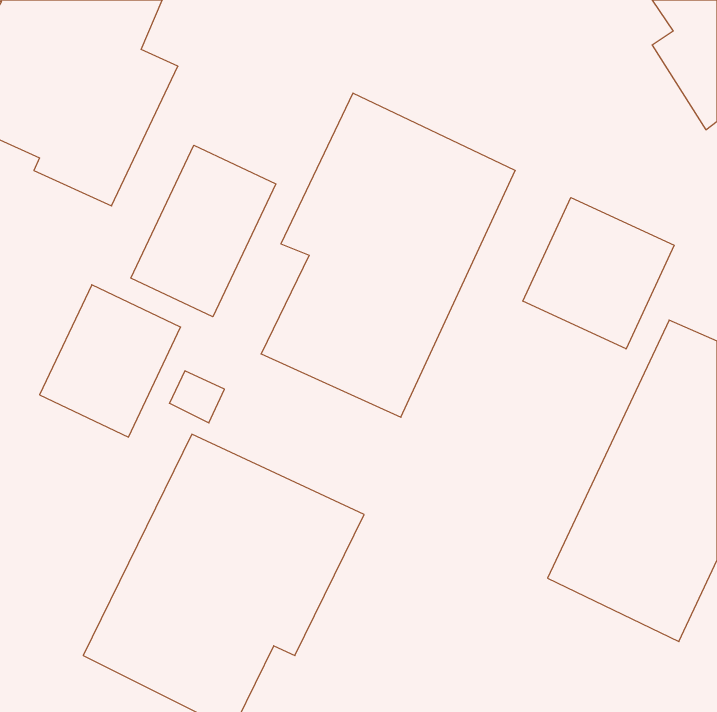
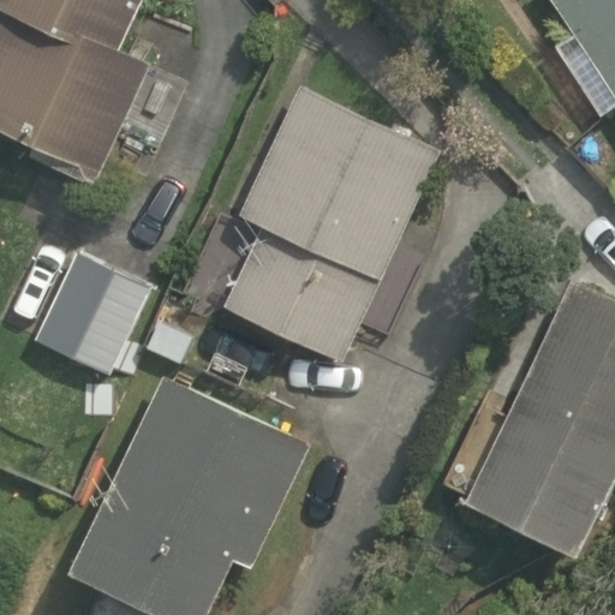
building: [131,145,276,317] -> none
building: [523,198,674,349] -> none

